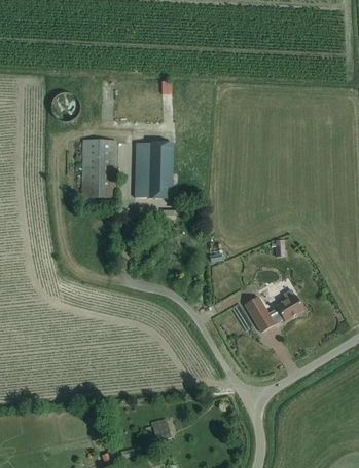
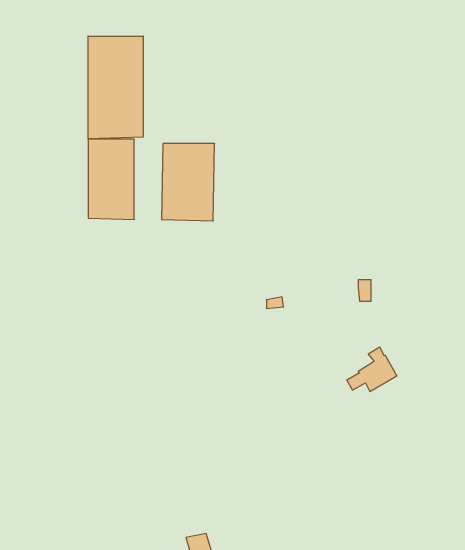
building: none -> [88,36,143,139]
building: [245,297,275,333] -> none

